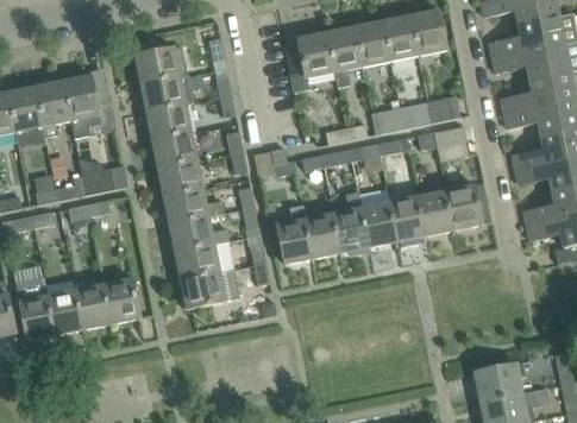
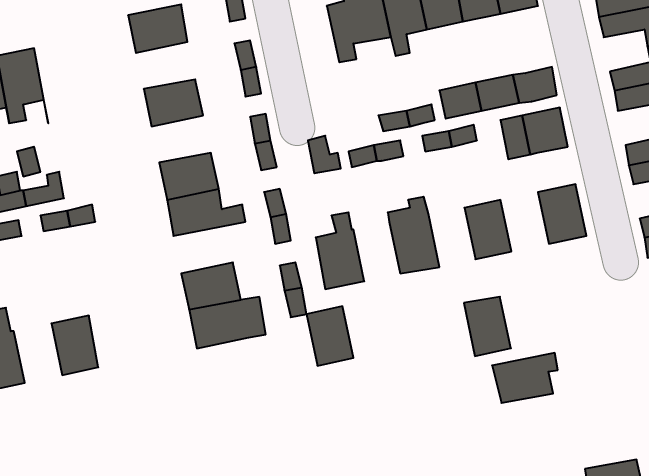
building: [63,75,100,138] -> none
building: [140,76,186,112] -> none
building: [152,132,197,168] -> none
building: [79,154,113,195] -> none
building: [418,190,454,235] -> none
building: [363,202,399,247] -> [464,297,511,356]
building: [169,213,230,252] -> none
building: [306,213,341,258] -> [306,306,353,366]
building: [105,278,140,323] -> none
building: [48,290,84,335] -> none
building: [475,362,525,400] -> [492,353,558,403]

